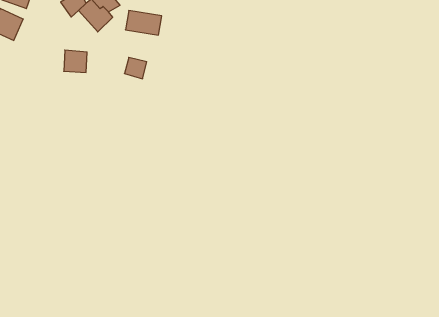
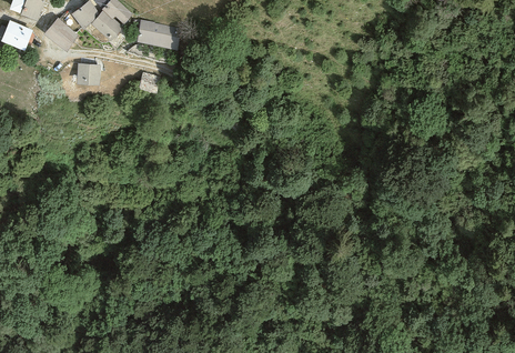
building: none -> [43,16,78,50]

